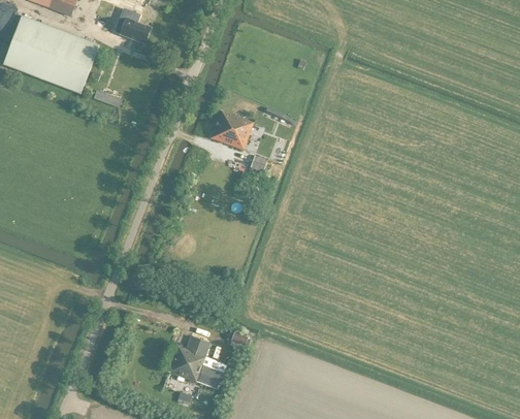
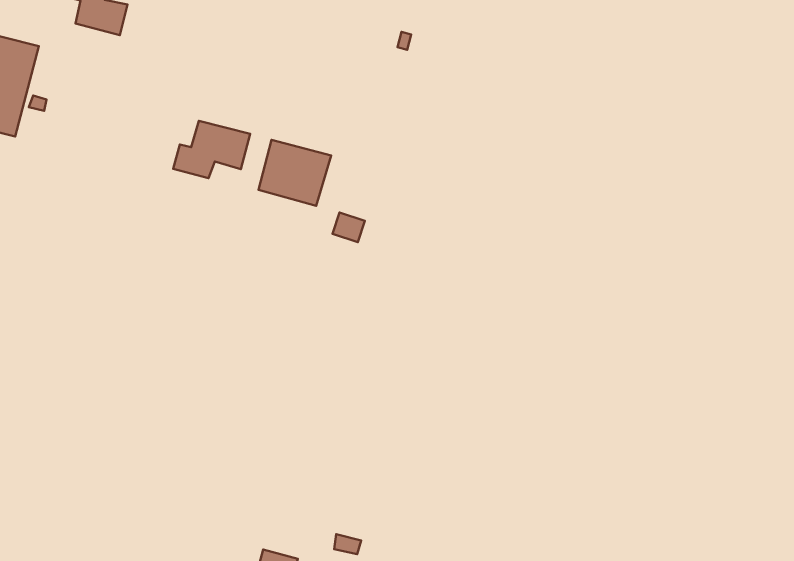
building: none -> [173,121,250,178]

